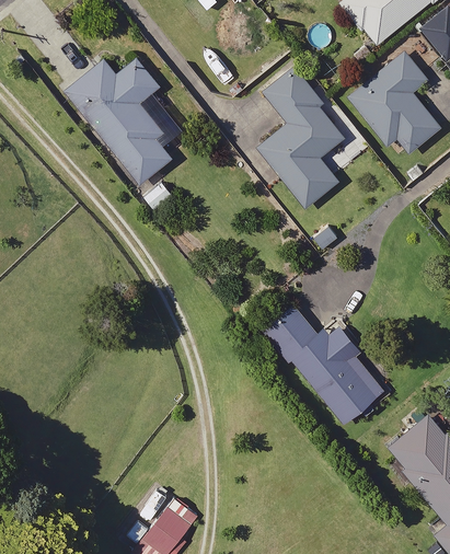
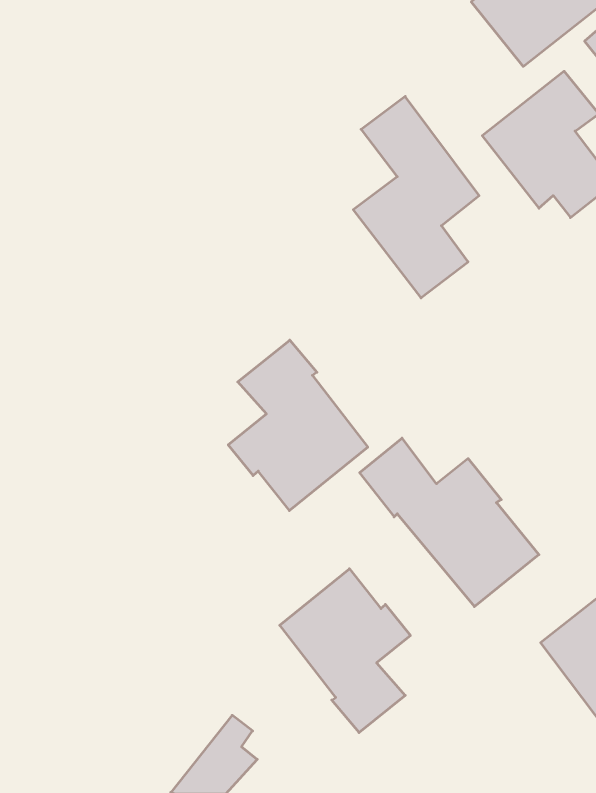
building: [65,58,186,207] -> none
building: none -> [228,340,368,511]
building: none -> [280,569,410,733]

